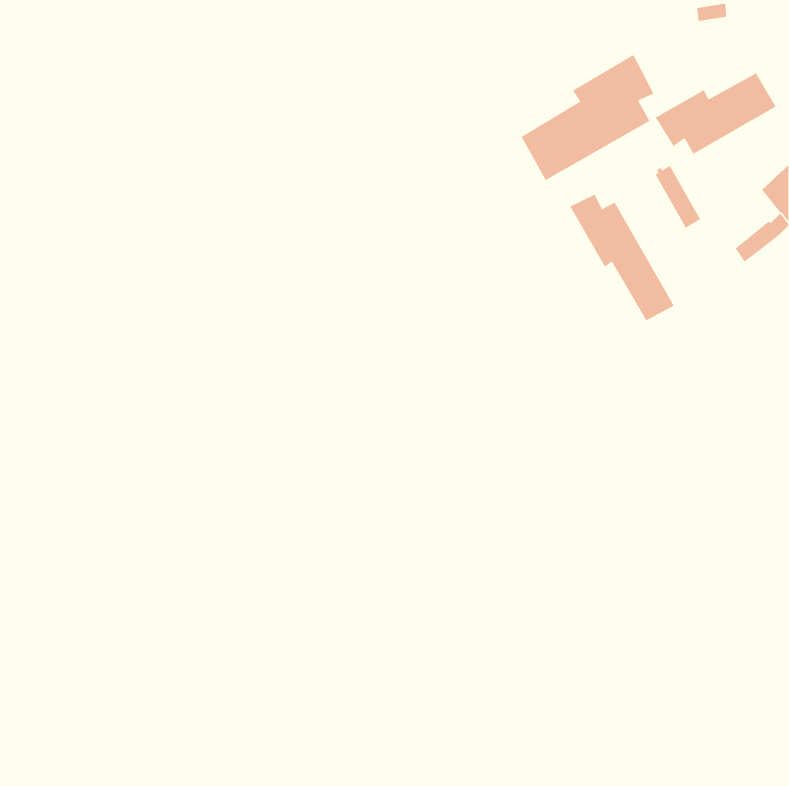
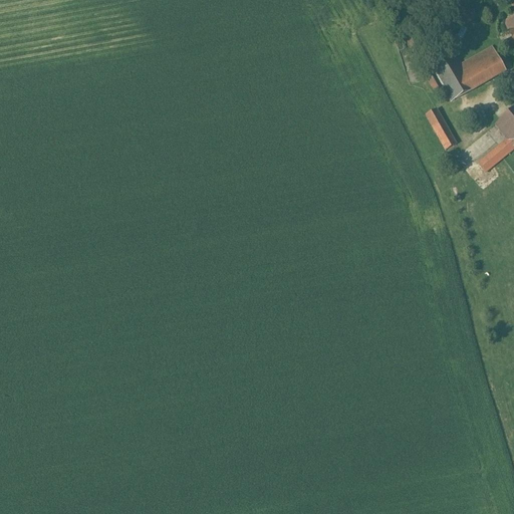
building: [521,54,654,181] -> none
building: [569,194,674,321] -> none

